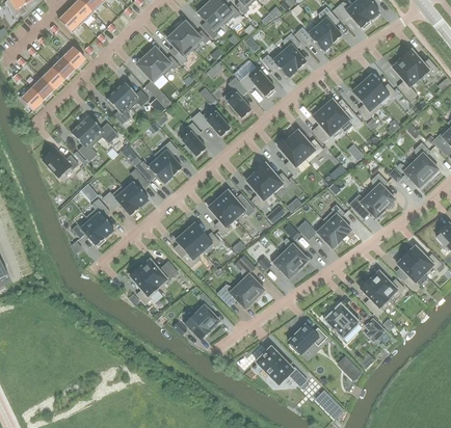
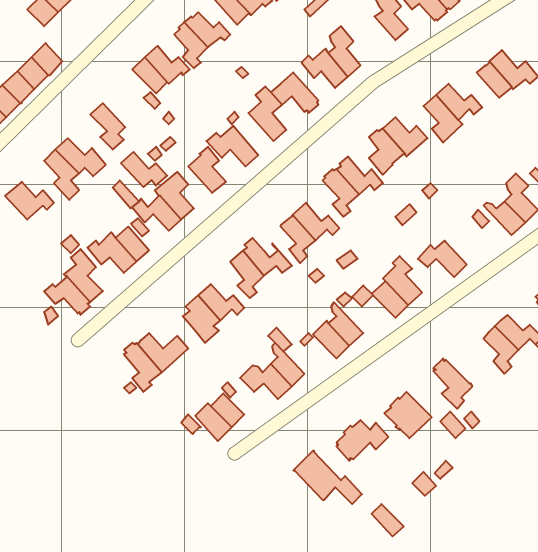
building: [296,25,331,51] -> none
building: [114,81,149,107] -> [121,152,167,187]
building: [369,172,395,209] -> none
building: [369,271,404,297] -> none

